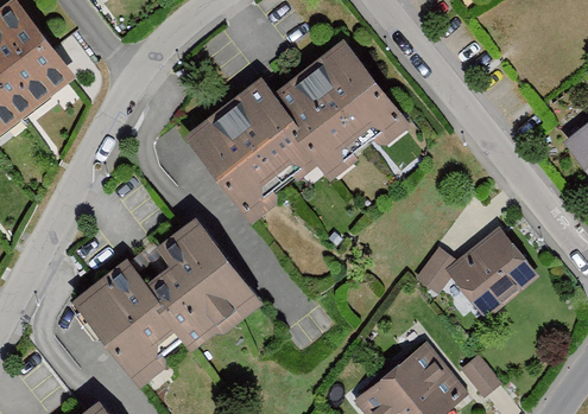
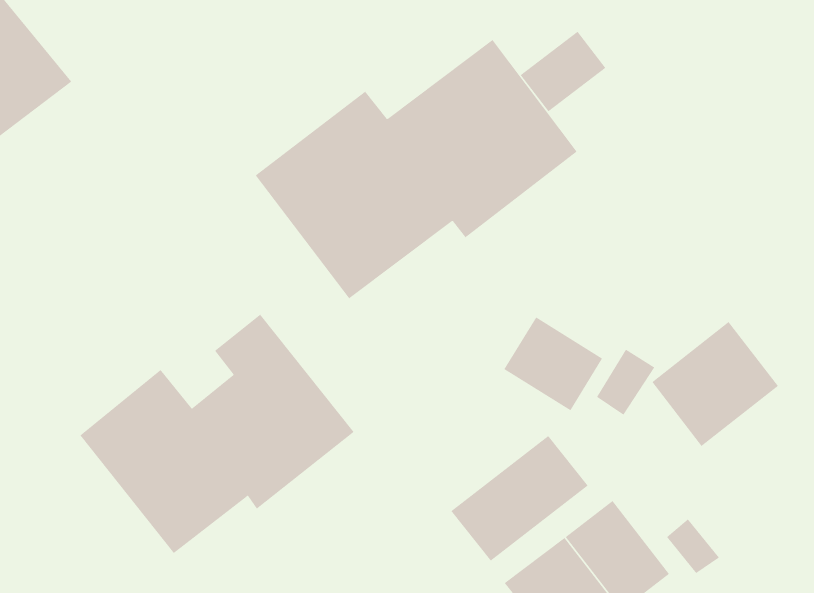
building: none -> [520,31,606,112]
building: none -> [504,316,603,411]
building: none -> [450,435,589,561]

